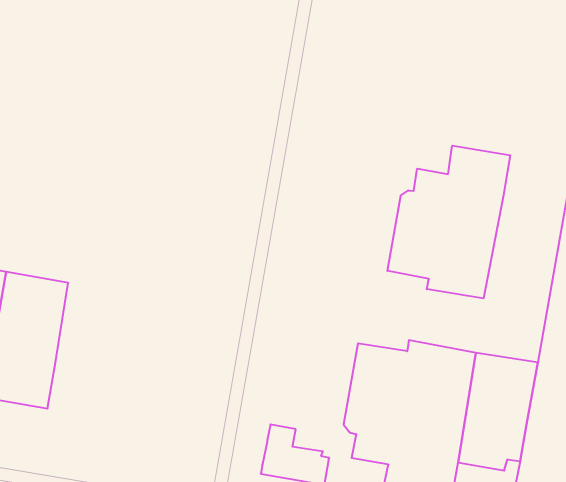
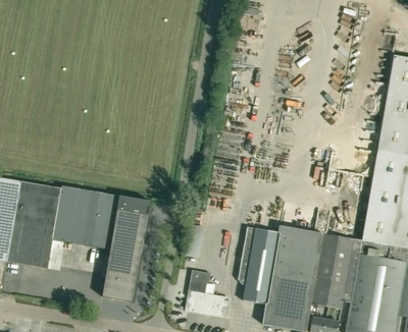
building: [387,146,510,298] -> none
building: none -> [53,186,154,302]

